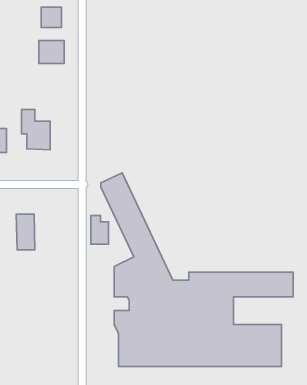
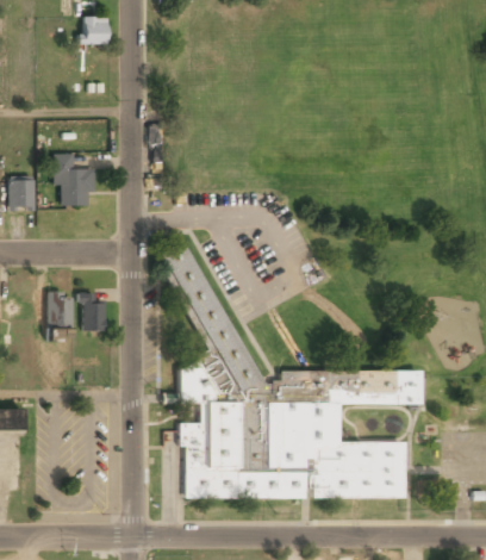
building: [39,40,64,64] -> none
building: [91,216,109,244] -> [83,293,107,331]

